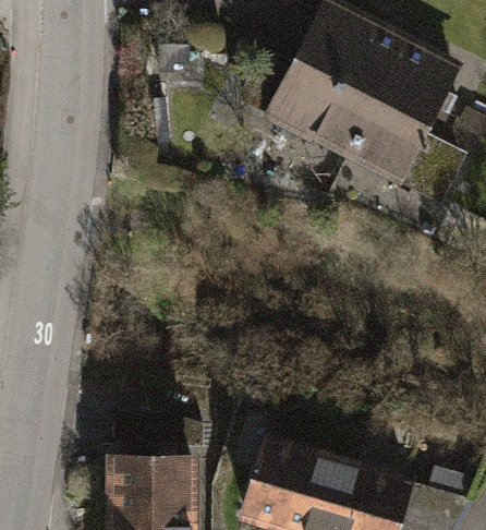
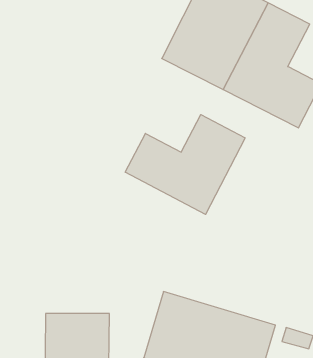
building: none -> [125,115,245,214]

